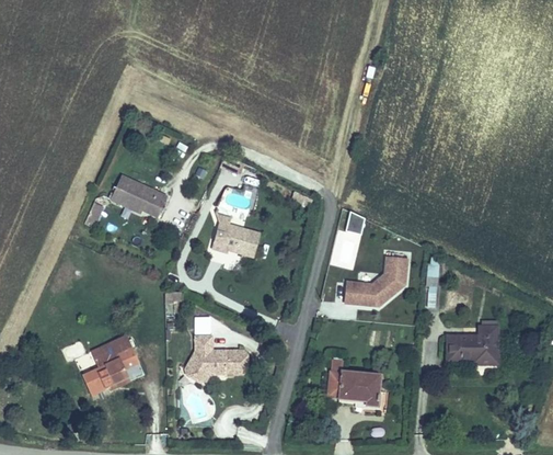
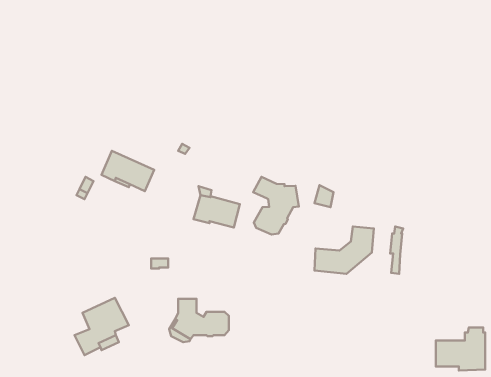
building: none -> [253,177,299,234]
building: [445,320,498,367] -> [436,327,485,371]
building: [327,359,383,406] -> none

